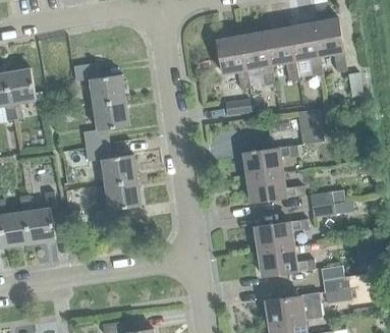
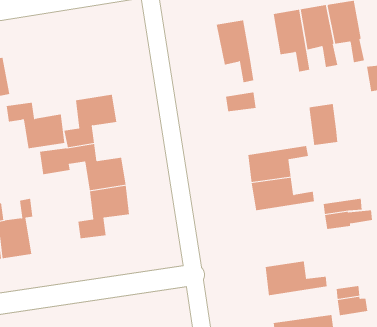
building: [240,30,275,85] -> none
building: [73,64,125,105] -> [6,102,65,149]
building: [255,218,309,251] -> none

